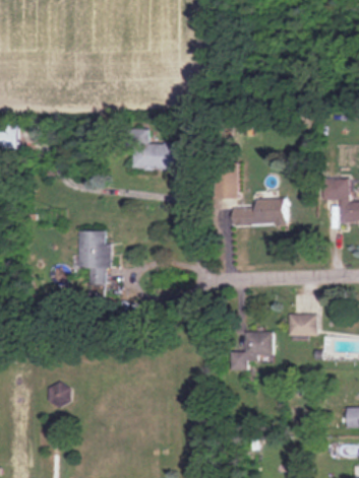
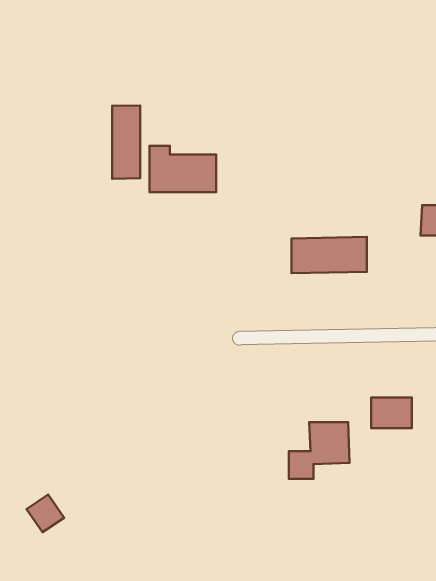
building: none -> [112,105,140,179]
building: [78,230,109,282] -> none

